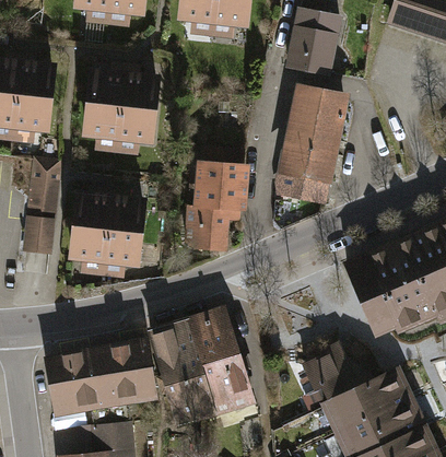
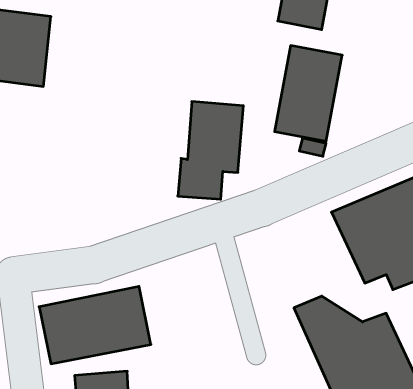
building: [80,68,159,147] -> none
building: [25,162,60,257] -> none
building: [66,187,145,267] -> none
building: [146,305,256,425] -> none

